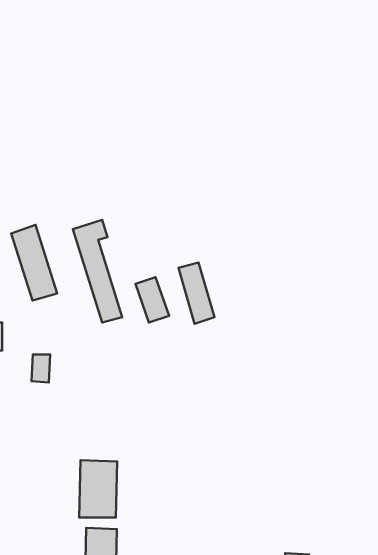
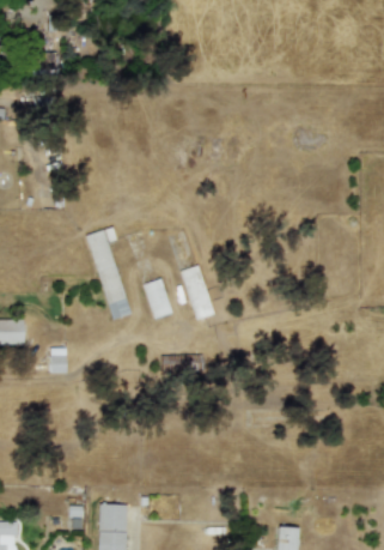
building: [11,225,57,301] -> none
building: [79,460,117,518] -> none

